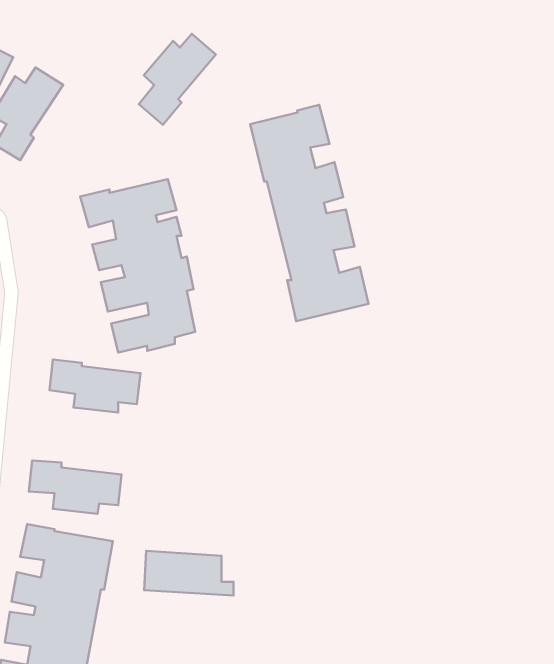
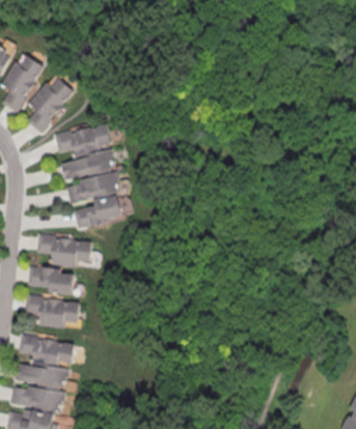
building: [139,34,216,125] -> [25,80,72,135]
building: [250,105,369,321] -> none
building: [144,551,234,595] -> [29,266,83,293]

